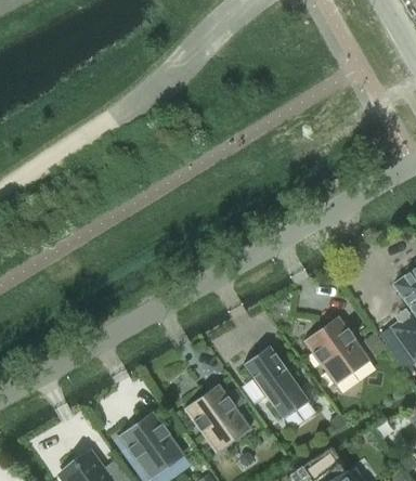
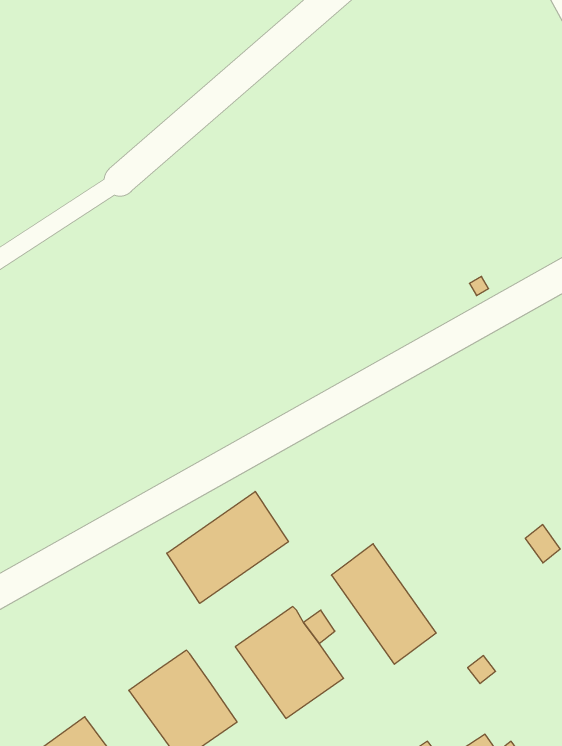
building: none -> [167,491,288,603]
building: [303,316,369,387] -> none

